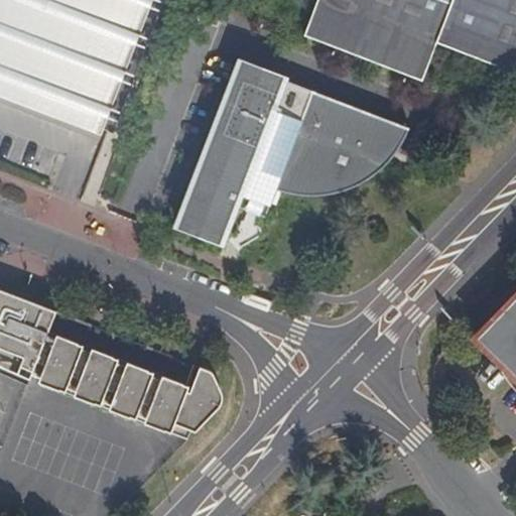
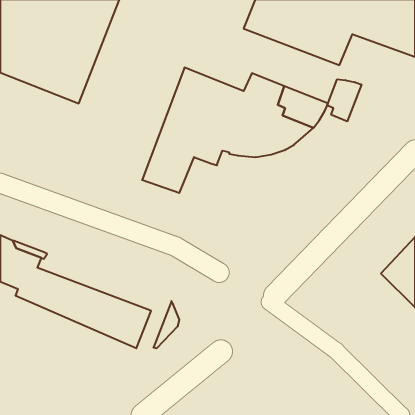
building: [229,62,312,113] -> none
building: none -> [327,79,361,121]
building: [169,365,213,439] -> none

